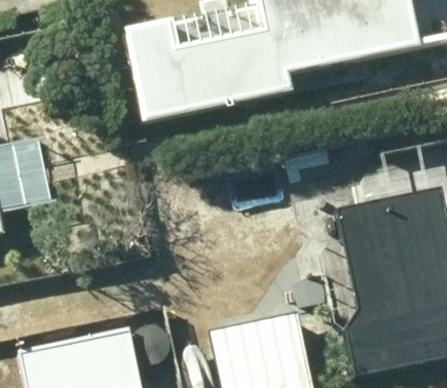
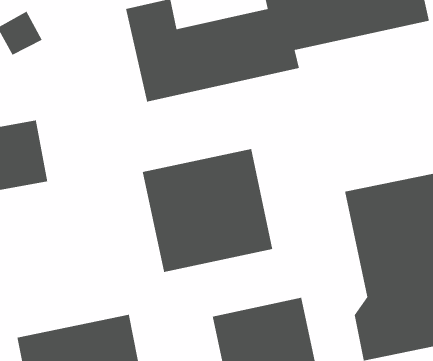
building: none -> [142,148,273,273]

